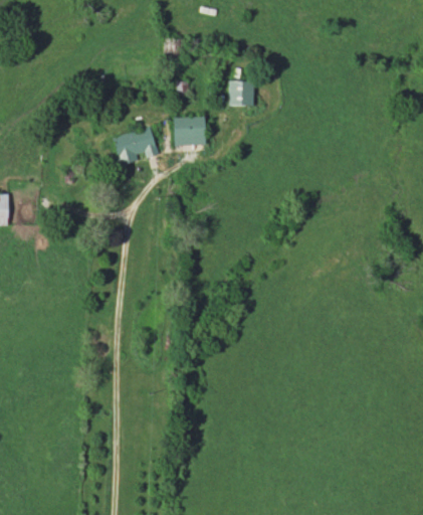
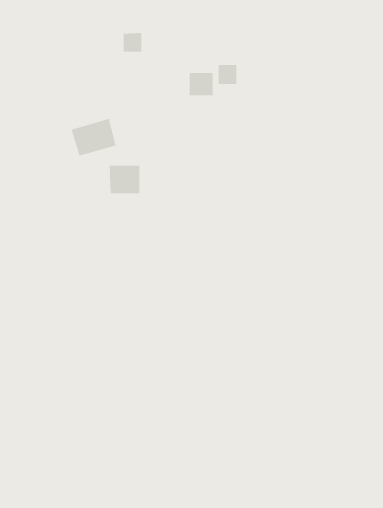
building: none -> [218,64,237,85]
building: [174,117,205,145] -> [109,165,140,194]

